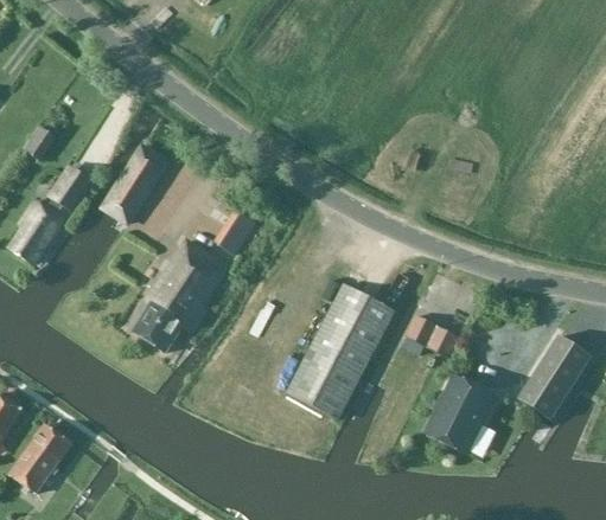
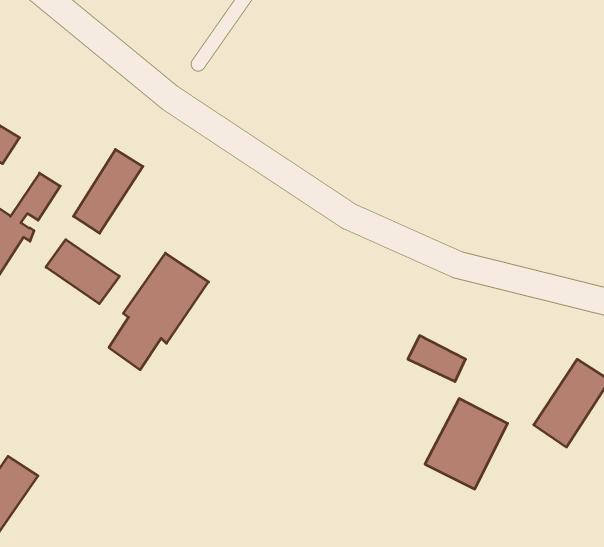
building: [218,211,255,255] -> none
building: none -> [46,240,119,304]
building: [286,284,395,419] -> none

